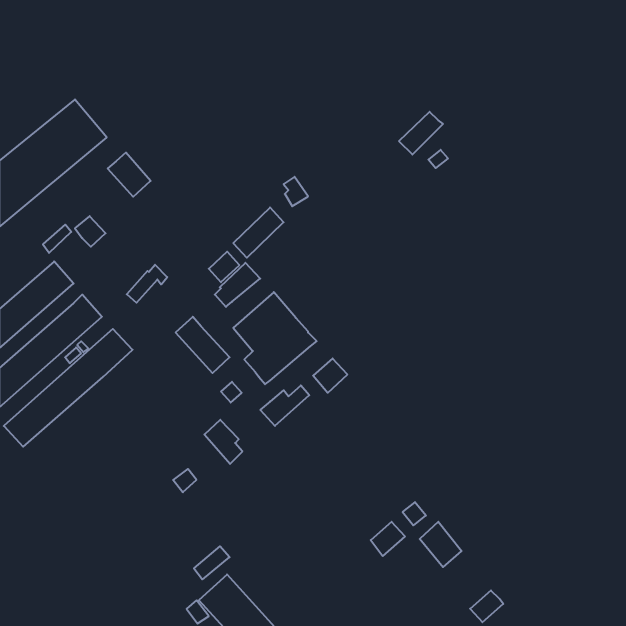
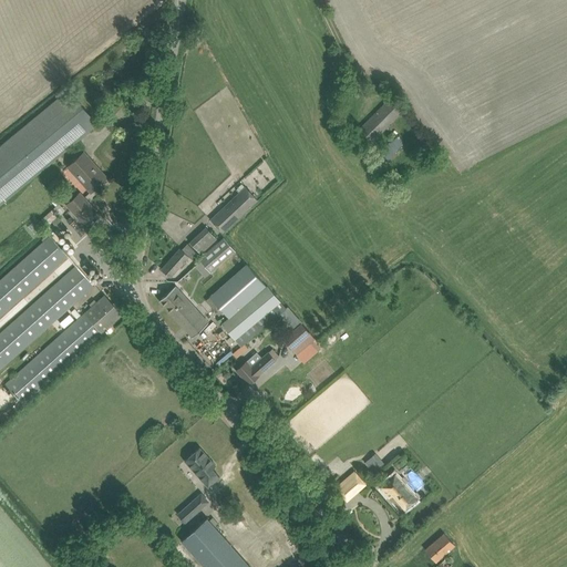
building: [108,153,151,197] -> [66,153,105,193]
building: [127,265,167,303] -> [161,244,197,278]
building: [204,420,242,464] -> [184,449,218,488]

